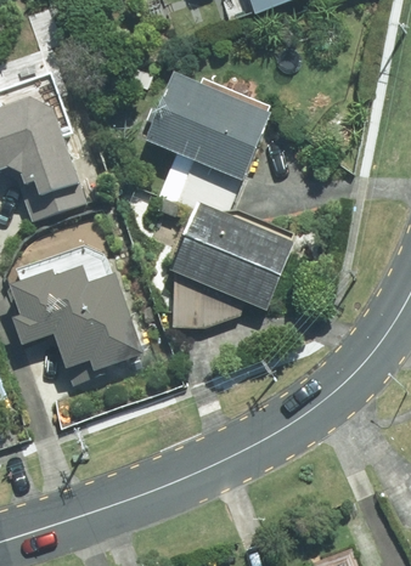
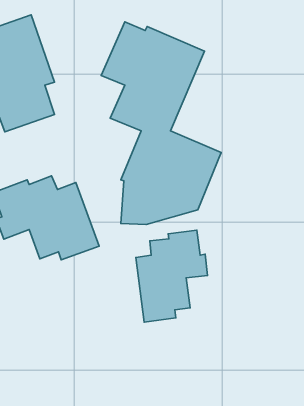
building: none -> [136,230,208,322]

